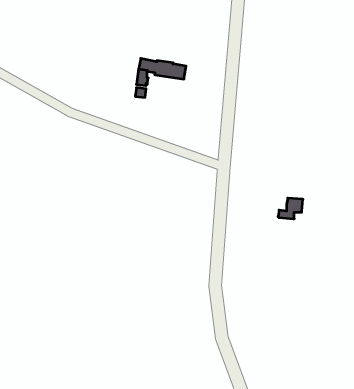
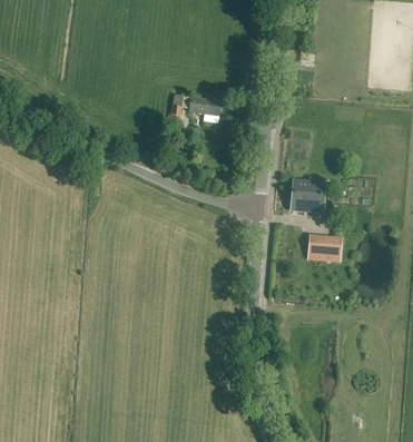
building: none -> [293,181,321,209]

